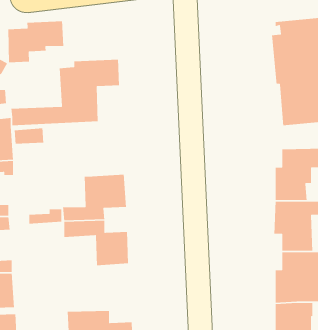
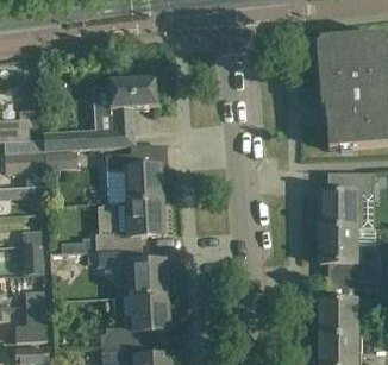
building: [8,20,64,63] -> none
building: none -> [105,153,162,202]
building: none -> [100,294,169,344]

